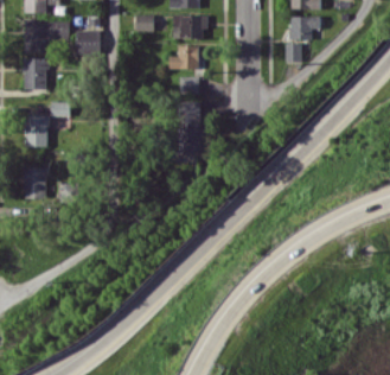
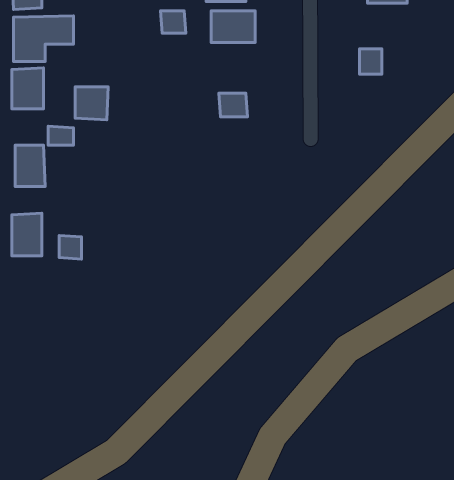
building: [290,15,320,39] -> none
building: [76,30,101,55] -> [75,87,108,120]
building: [170,45,199,68] -> none
building: [179,101,205,152] -> none

